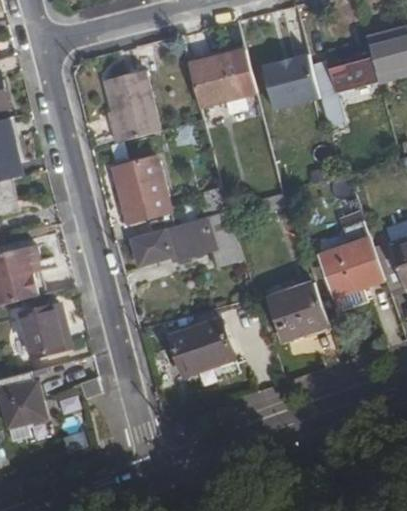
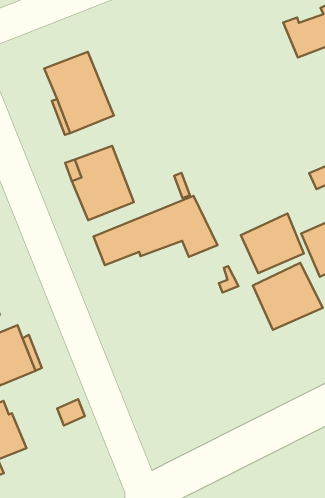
building: [186,48,256,109] -> none
building: [258,56,315,112] -> none
building: none -> [241,213,304,273]
building: [167,322,232,376] -> none

